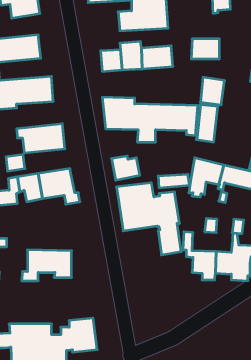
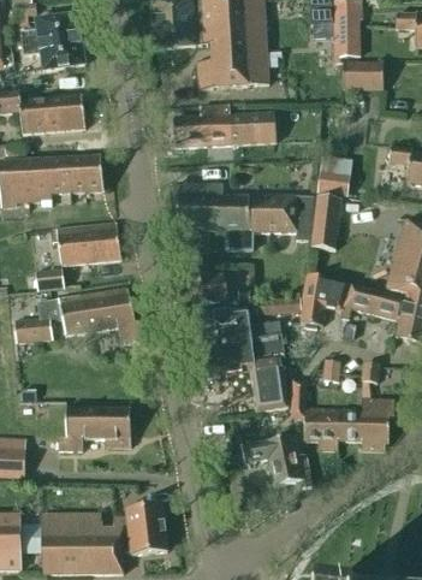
building: [191,39,219,59] -> [341,61,382,90]
building: none -> [240,434,311,489]

